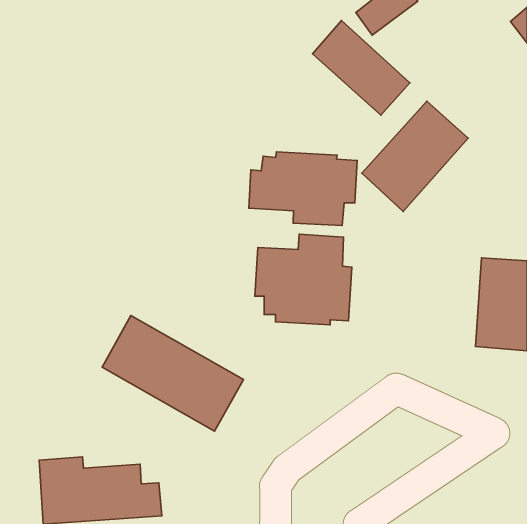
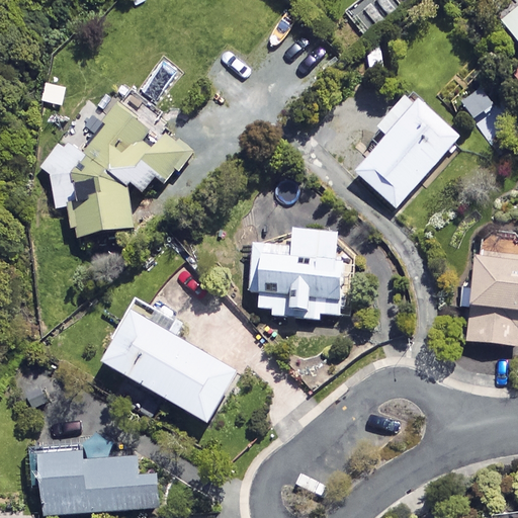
building: [313,20,410,115] -> none
building: none -> [38,106,190,239]
building: [249,152,357,226] -> none

